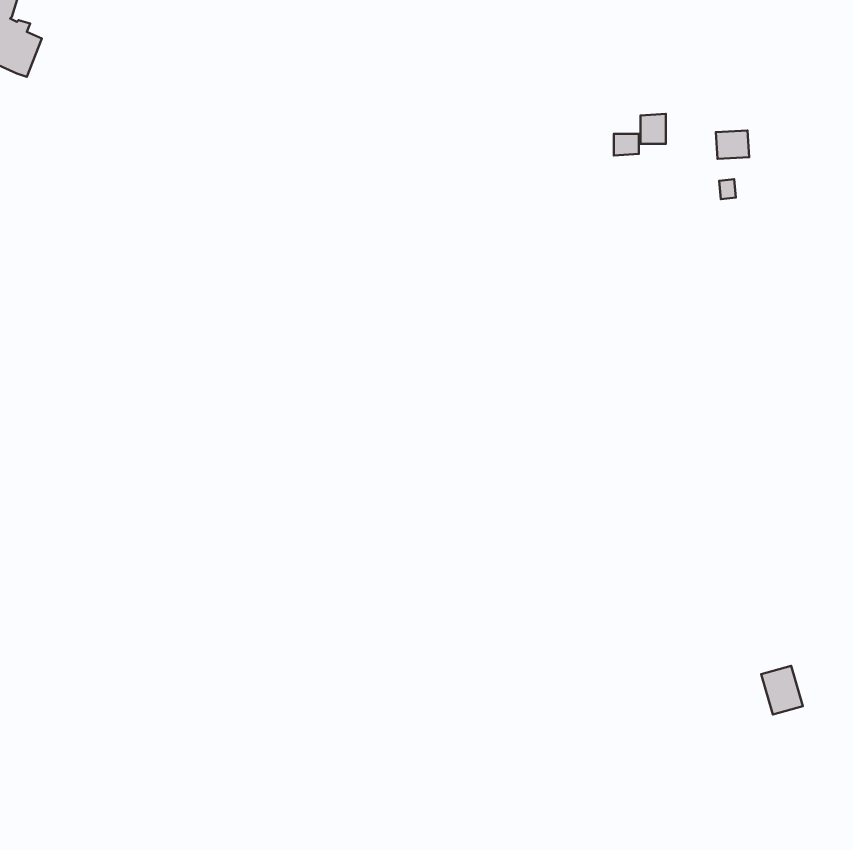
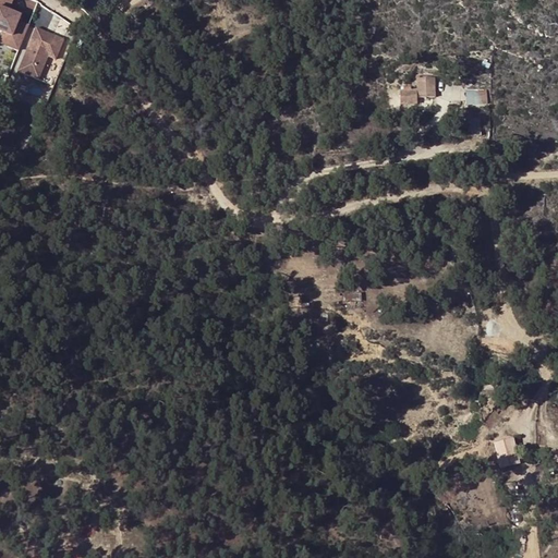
building: none -> [17,27,62,78]

